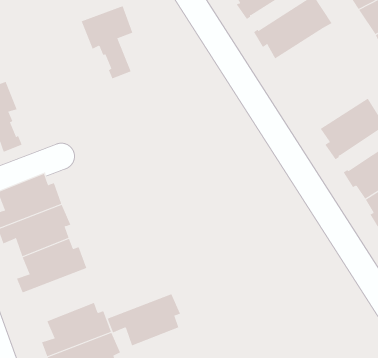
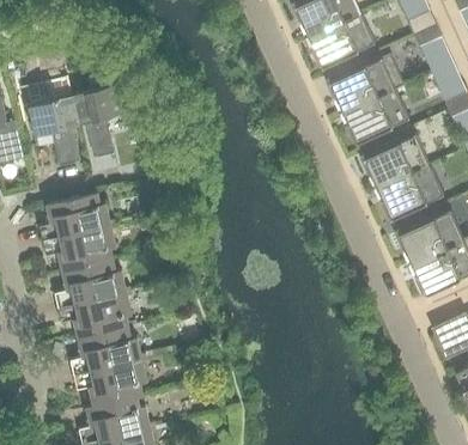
building: [81,5,133,79] -> [73,86,123,158]
building: none -> [344,89,411,145]
building: none -> [360,134,431,188]
building: [107,293,181,346] -> [59,293,133,340]

